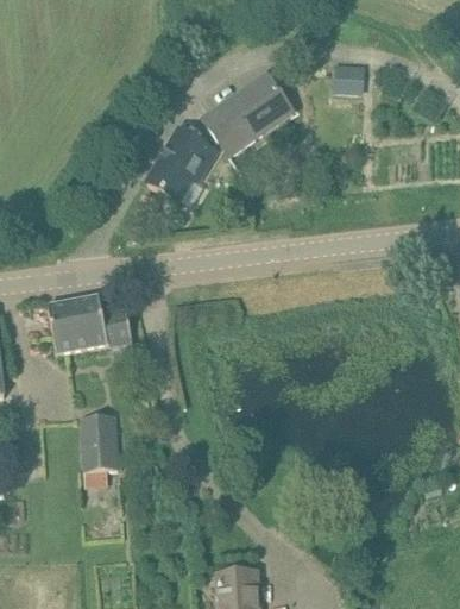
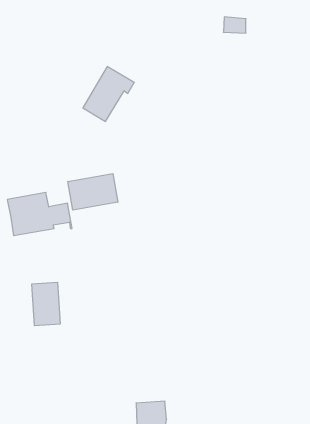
building: [202,74,288,156] -> none
building: none -> [68,174,118,210]

